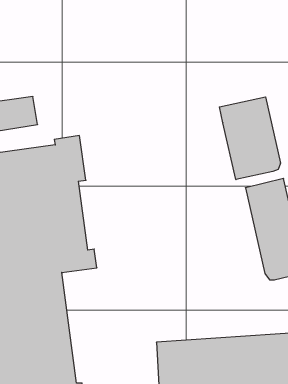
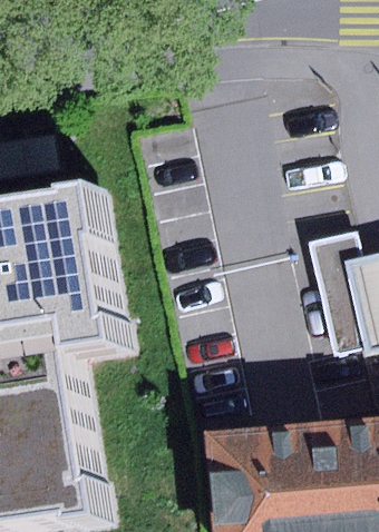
building: [219,97,280,180] -> none

